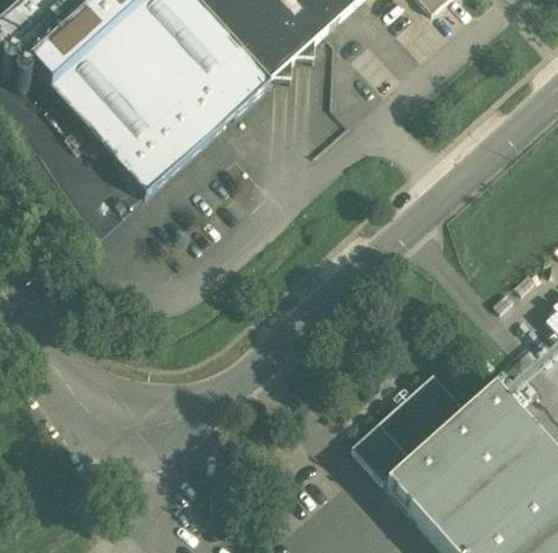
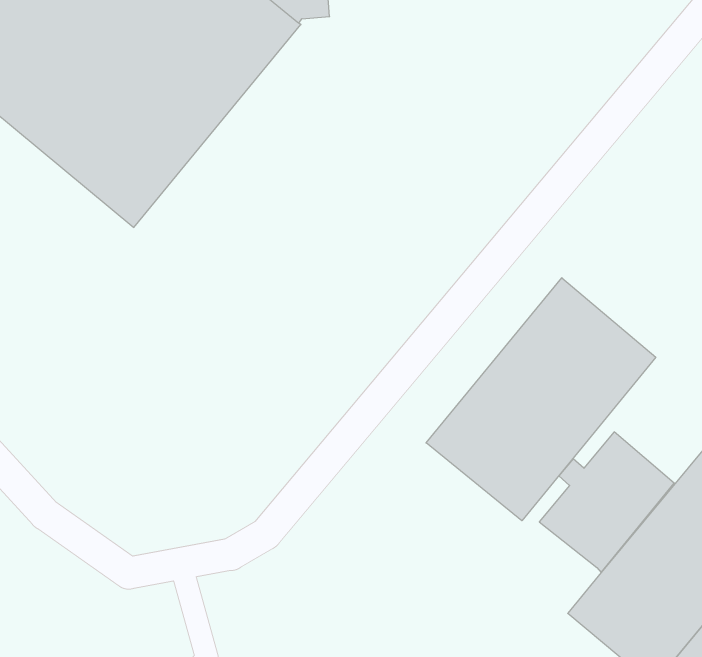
building: none -> [426,278,656,521]
building: [356,420,413,478] -> none

